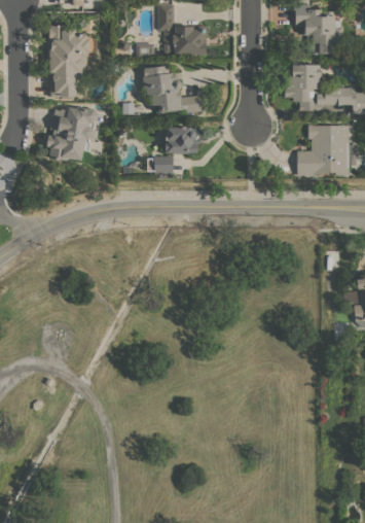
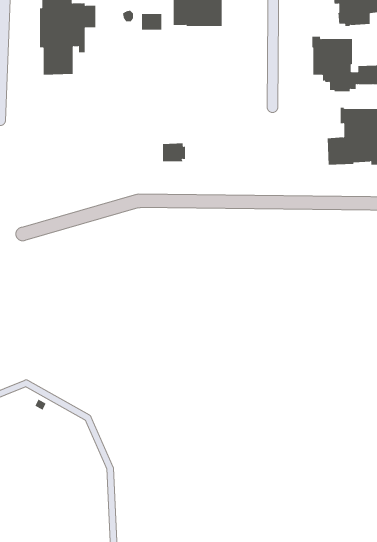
building: [142,65,202,113] -> none
building: [45,107,98,161] -> none
building: [163,127,199,153] -> none

